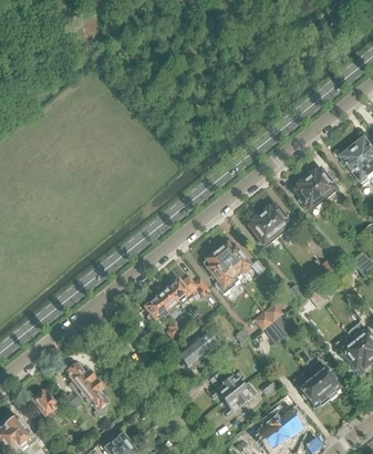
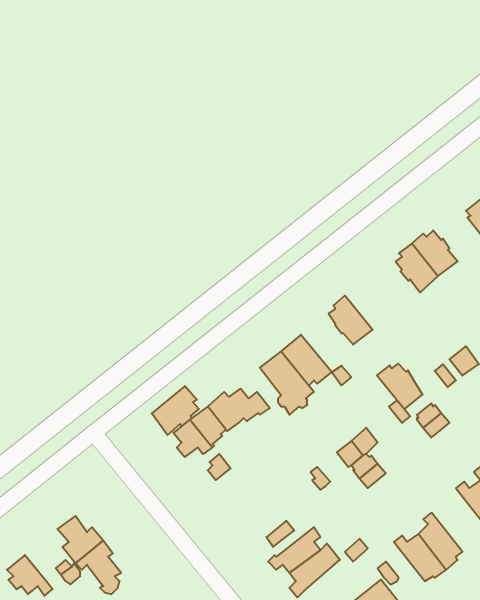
building: [260,205,291,236] -> [377,364,423,409]
building: none -> [152,386,199,435]
building: [179,332,218,365] -> none

